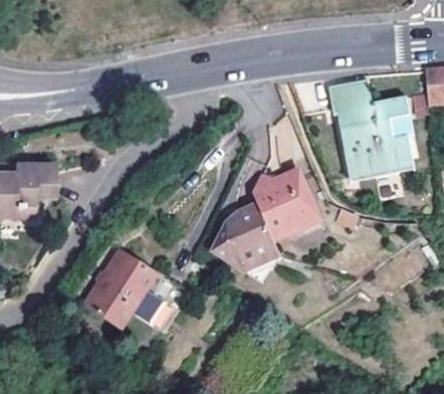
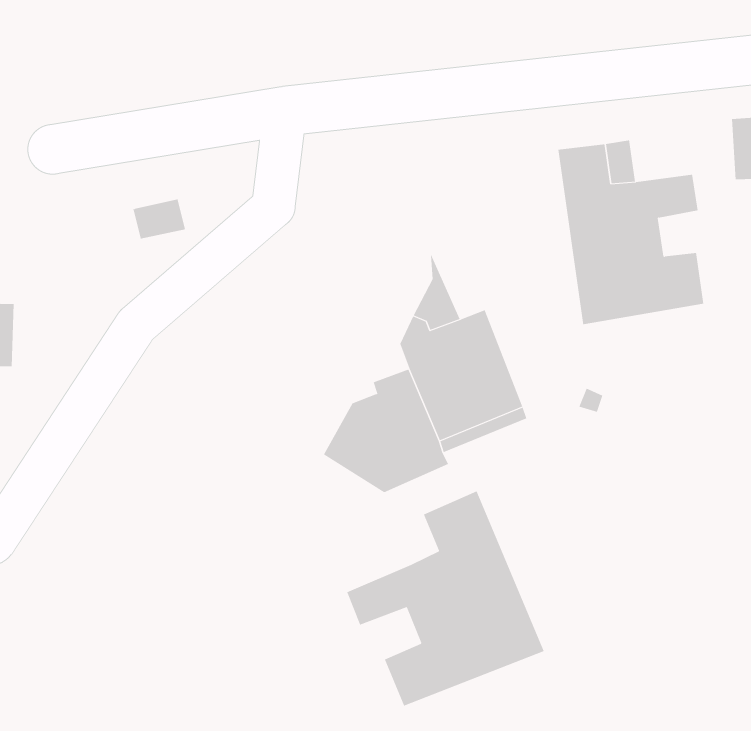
building: [94,249,176,326] -> none
building: none -> [346,490,544,707]

